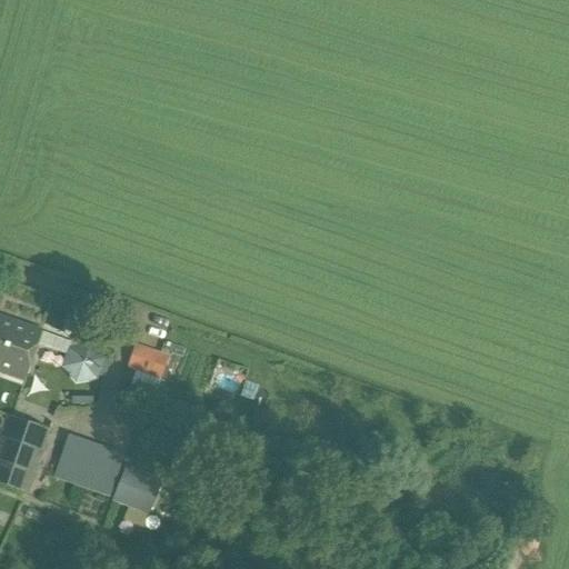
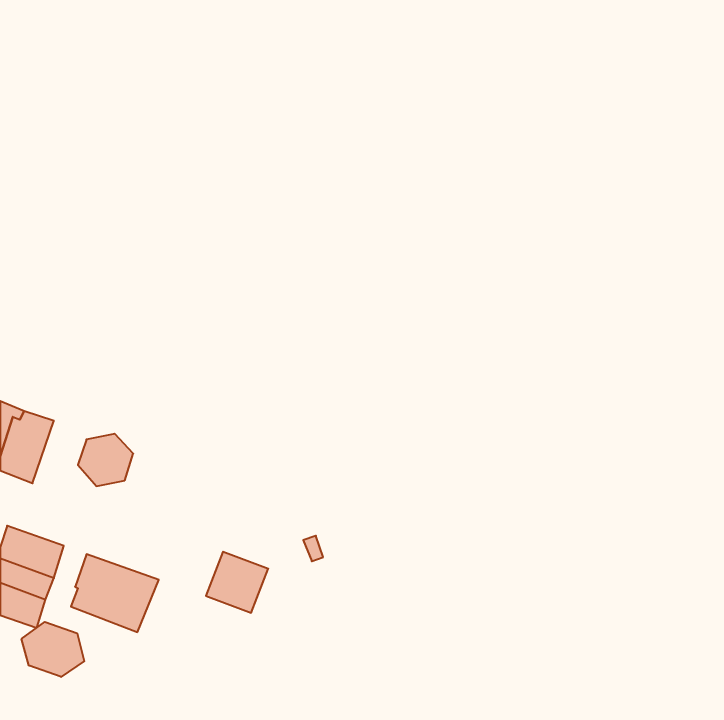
building: [127,341,169,378] -> none
building: [113,465,162,512] -> [206,552,268,613]
building: none -> [22,622,84,677]

